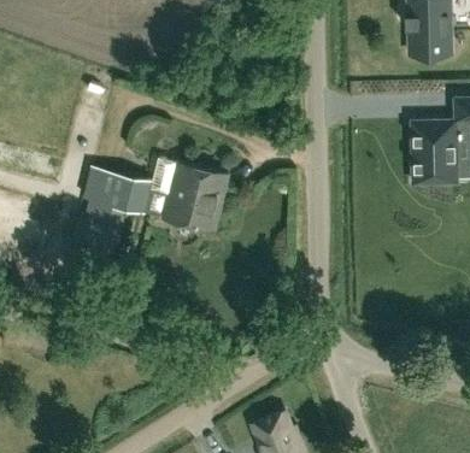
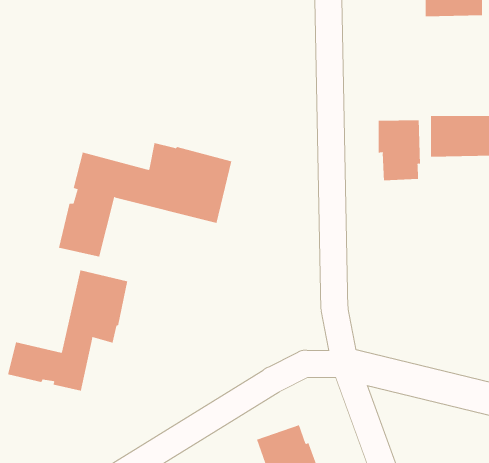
building: none -> [378,119,420,181]
building: none -> [7,270,128,391]

